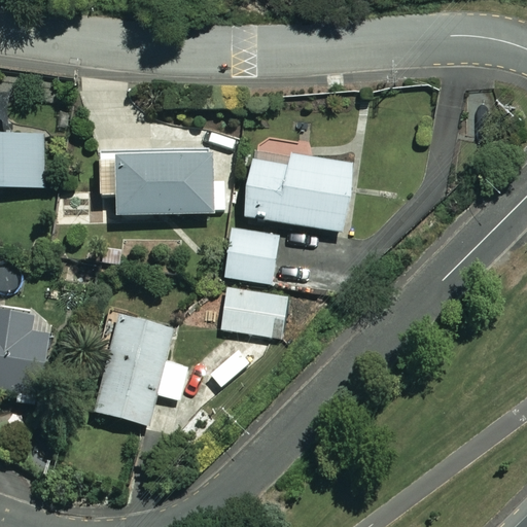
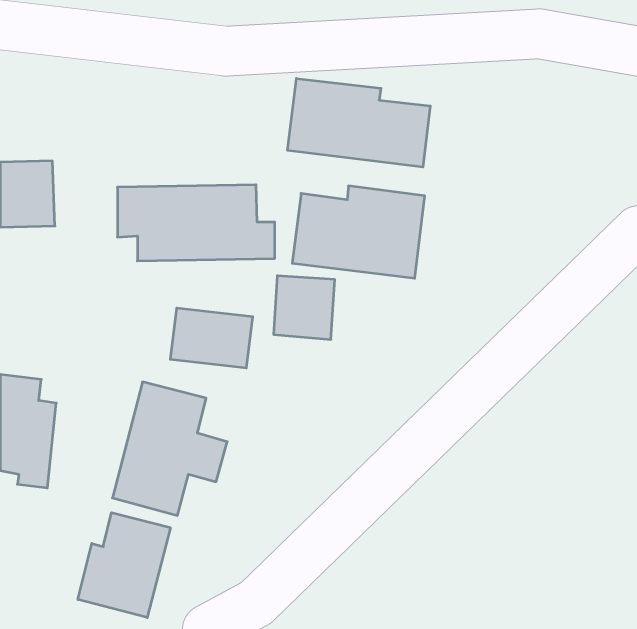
building: none -> [288,78,430,167]
building: [221,285,289,335] -> [170,308,253,368]
building: none -> [78,513,170,618]

